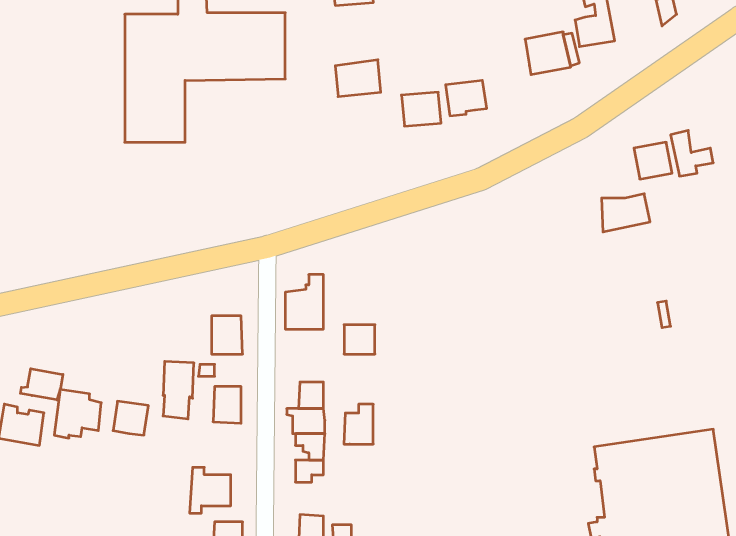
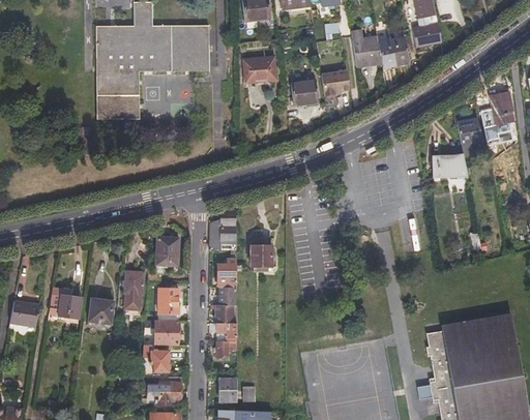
building: none -> [351,30,381,67]
building: none -> [490,91,513,123]
building: [20,369,63,400] -> none
building: [344,404,373,444] -> [215,257,236,284]
building: none -> [145,319,180,343]

